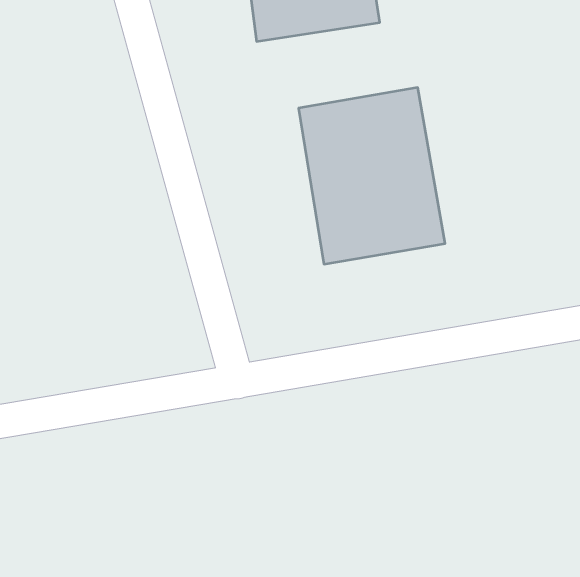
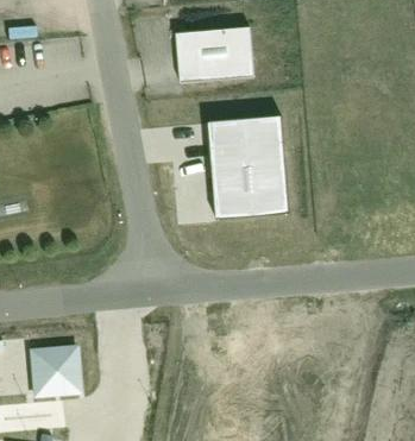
building: none -> [29,344,76,392]

